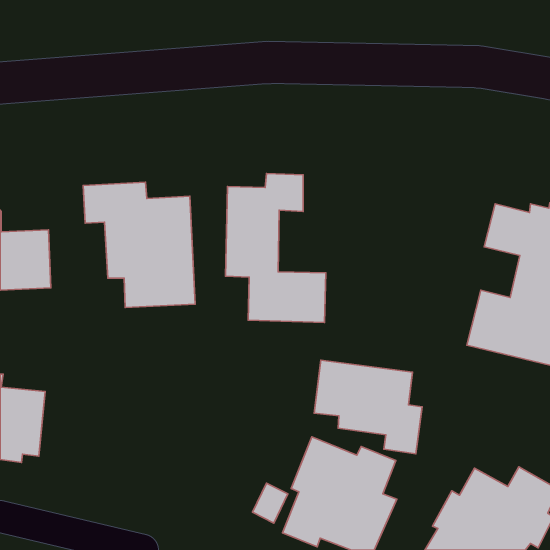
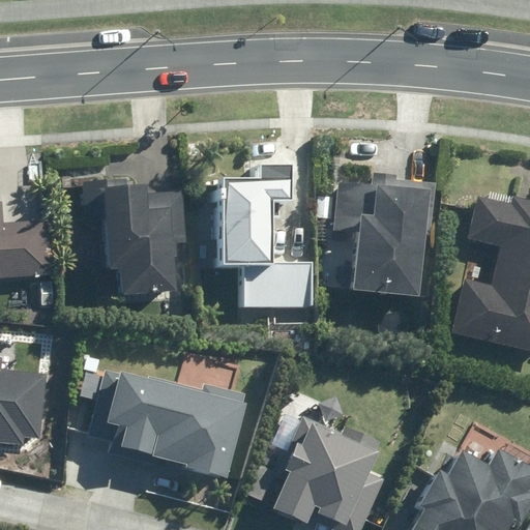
building: none -> [330,172,440,300]
building: [314,360,422,454] -> none
building: none -> [106,369,252,478]

